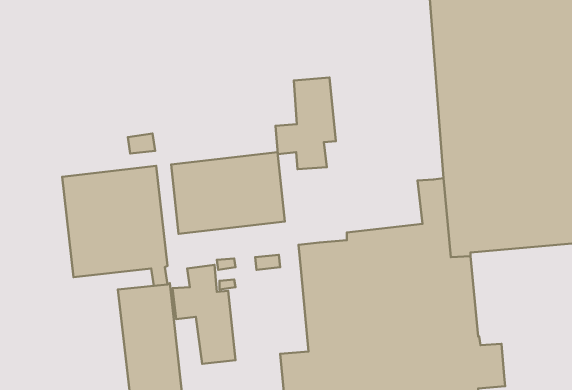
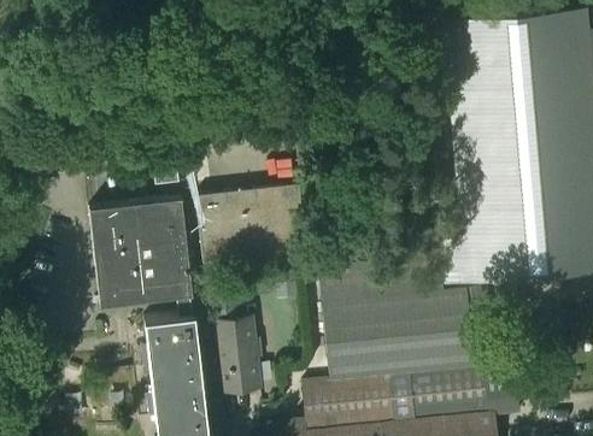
building: [275,77,336,169] -> none

